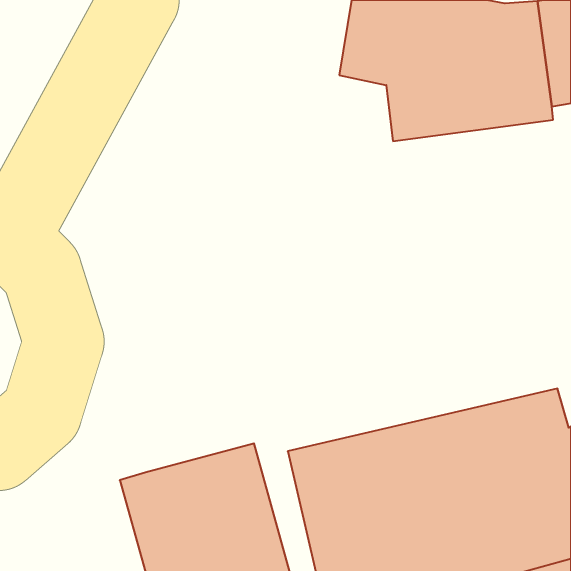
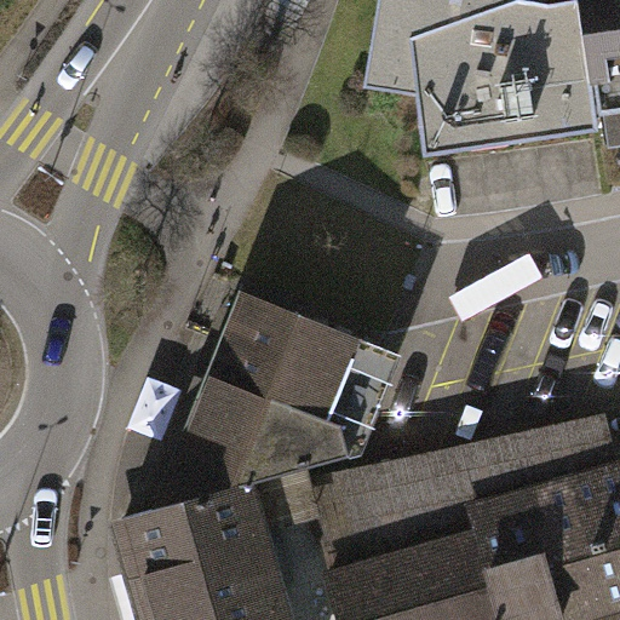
building: none -> [157,297,364,512]

